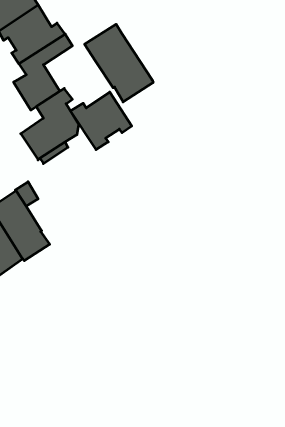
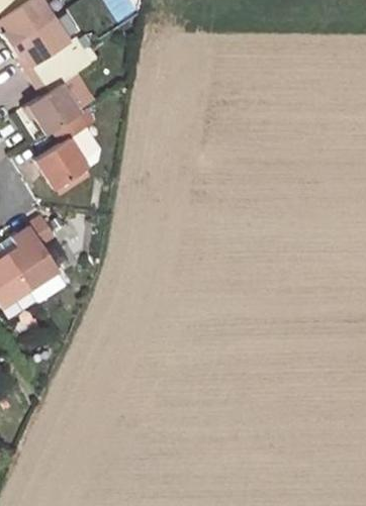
building: [85,24,153,102] -> none
building: [70,92,132,150] -> none

